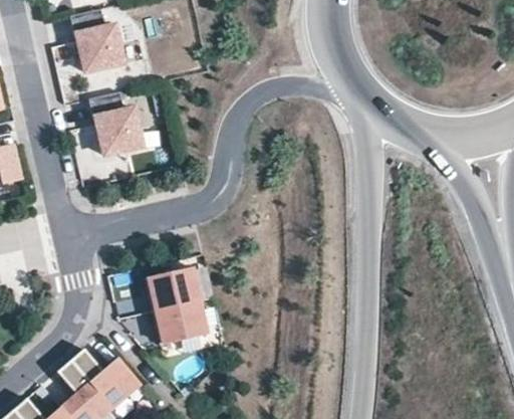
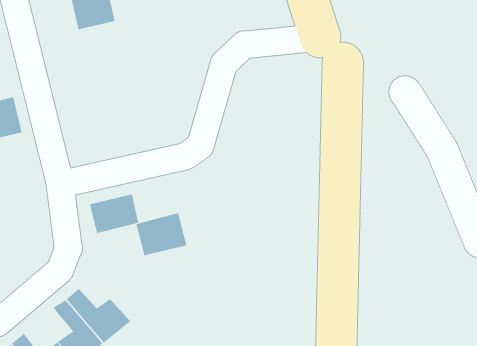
building: [88,91,144,158] -> none
building: [154,303,207,346] -> [89,194,139,233]

